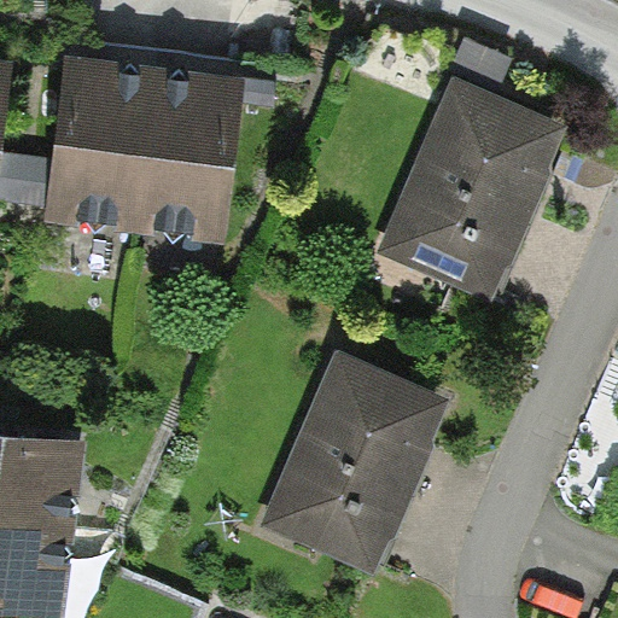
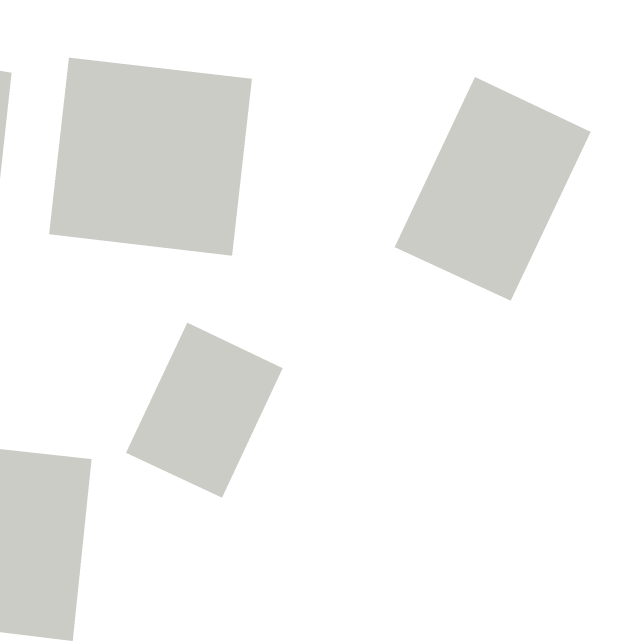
building: none -> [125,322,284,499]
building: [261,351,454,567] -> none

